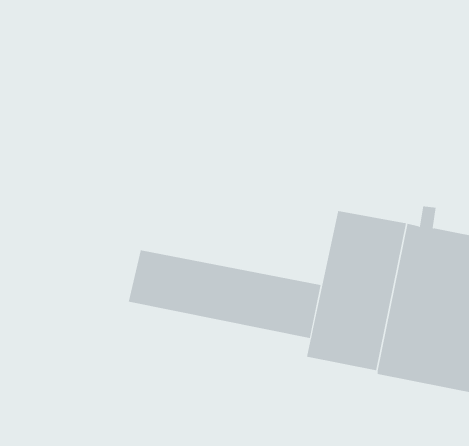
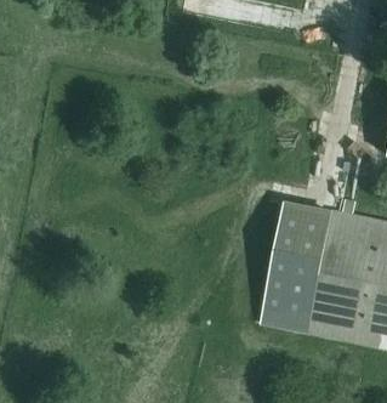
building: [128,249,321,339] -> none

